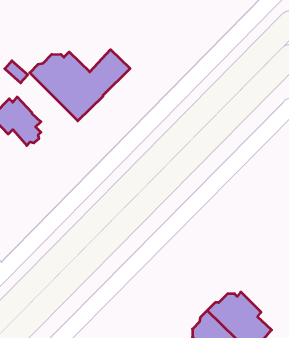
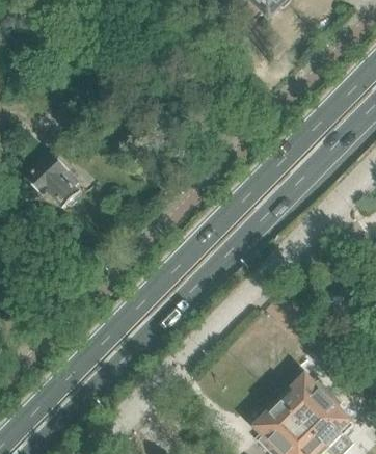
building: [30,50,130,121] -> none

